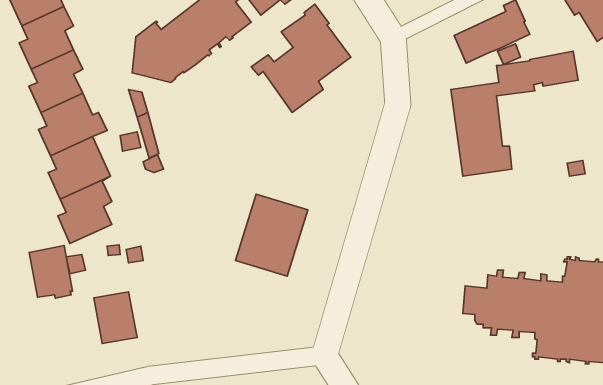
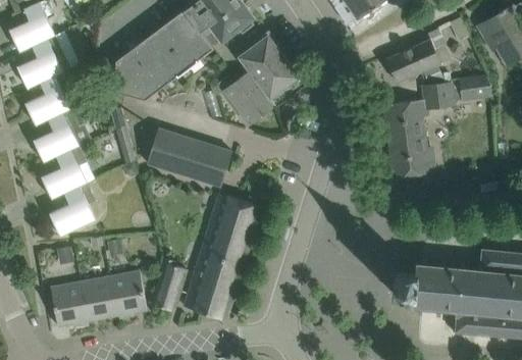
building: none -> [147,127,232,186]
building: [29,245,72,298] -> [51,281,88,326]
building: none -> [184,250,245,319]
building: none -> [152,259,187,310]
building: none -> [110,271,147,317]

